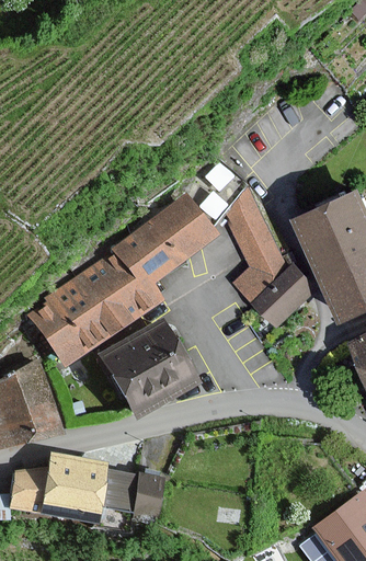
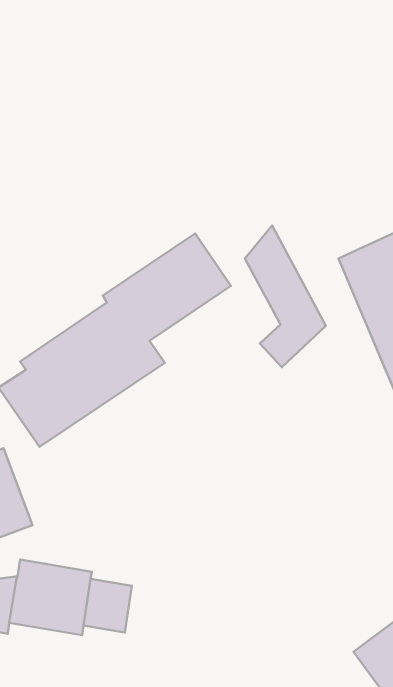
building: [254,263,317,325] -> none
building: [96,322,193,416] -> none
building: [128,474,161,523] -> none

